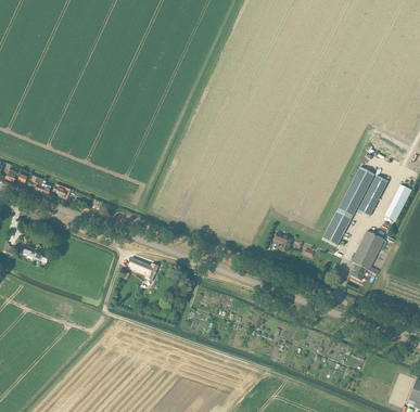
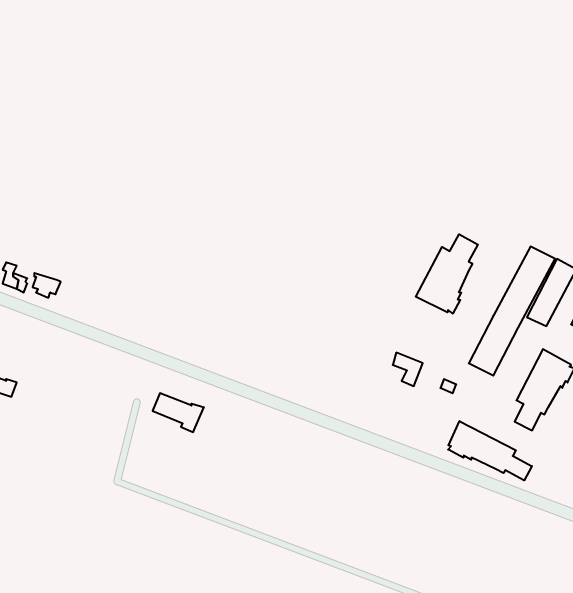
building: none -> [416,234,478,314]
building: none -> [448,421,532,480]

